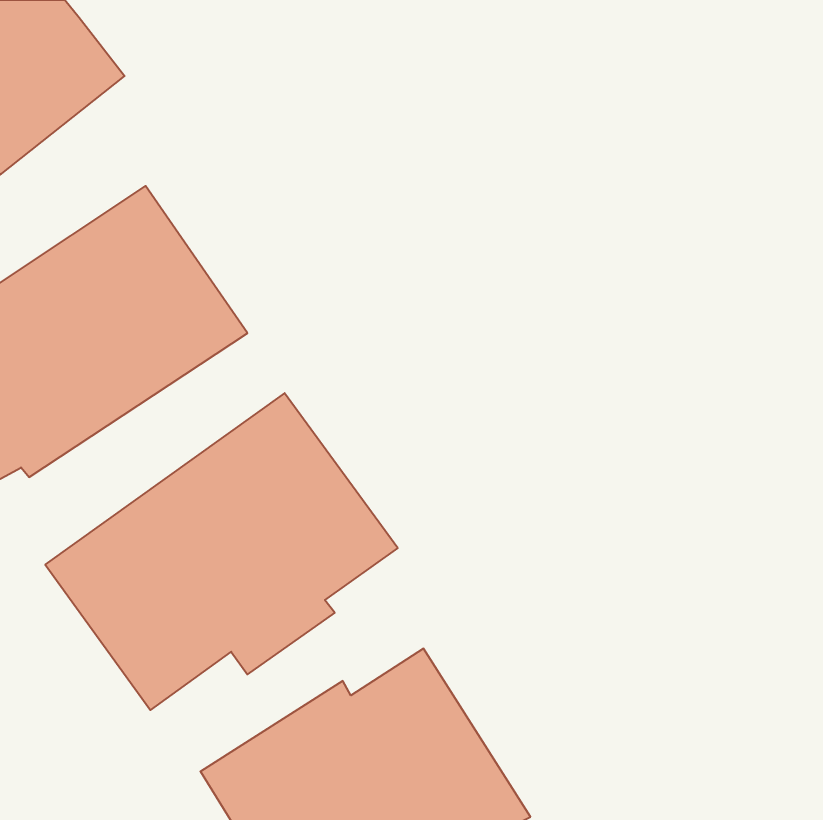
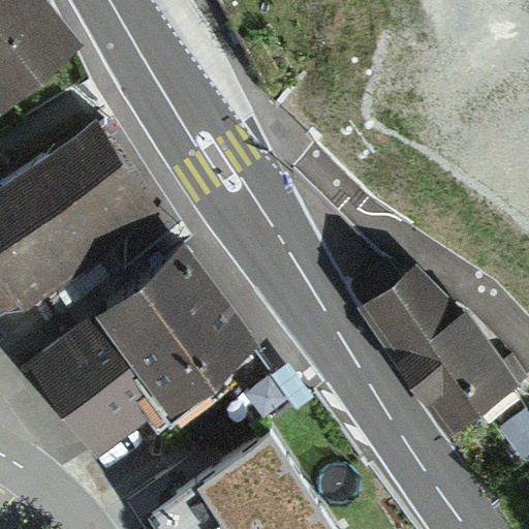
building: none -> [347,251,515,426]

